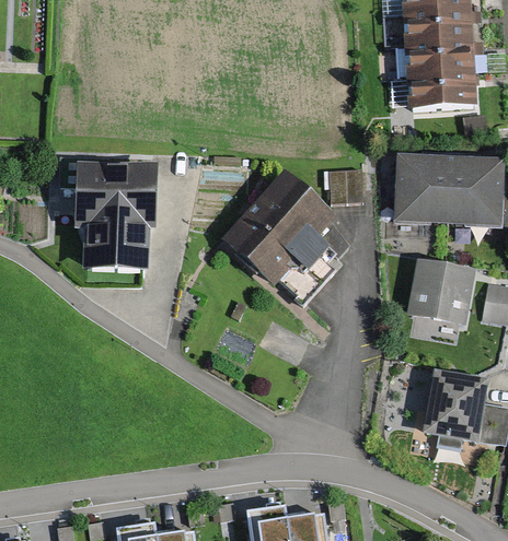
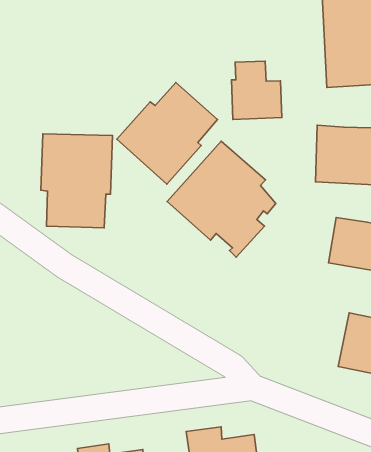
building: none -> [231,61,282,119]
building: none -> [117,83,217,184]
building: [328,169,362,202] -> none

